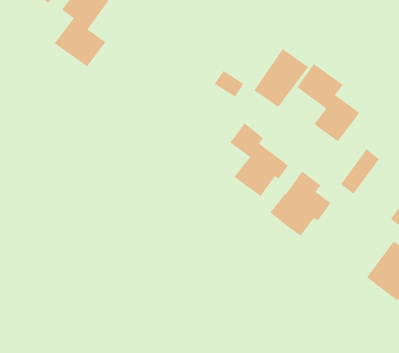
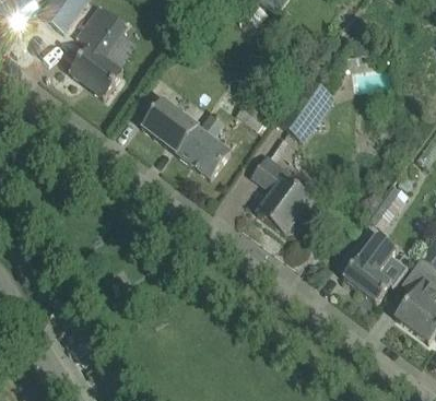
building: [297,63,360,142] -> none
building: none -> [142,97,231,177]
building: [269,171,331,237] -> [343,232,408,300]

